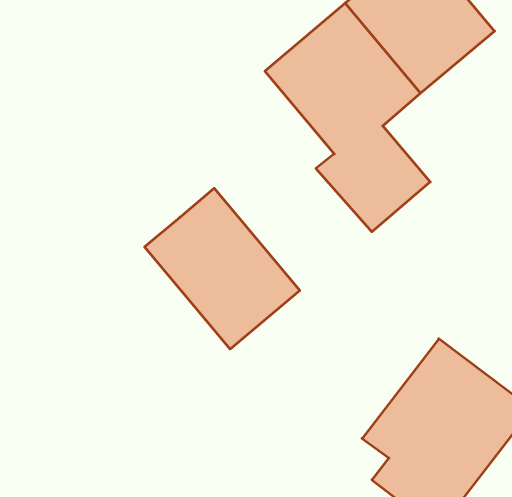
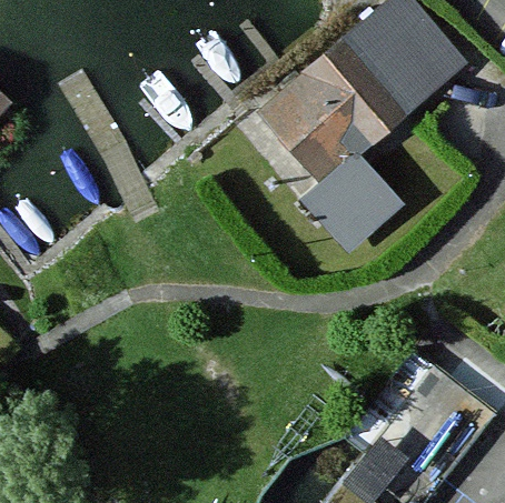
building: [145,188,300,349] -> none

